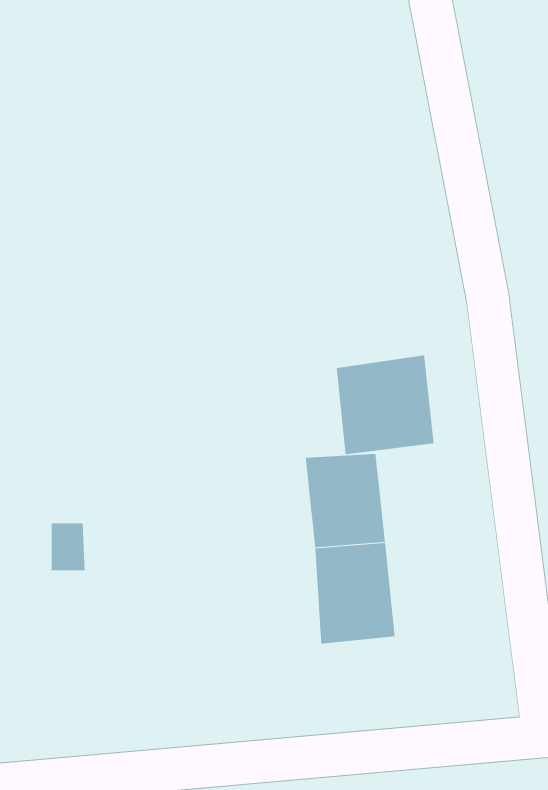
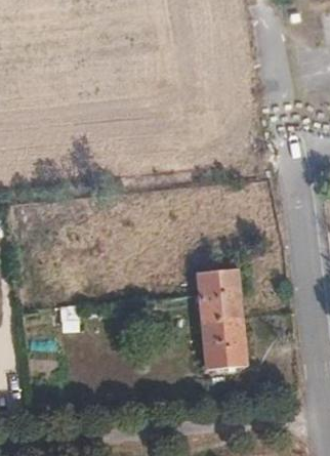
building: [336,354,434,455] -> none

